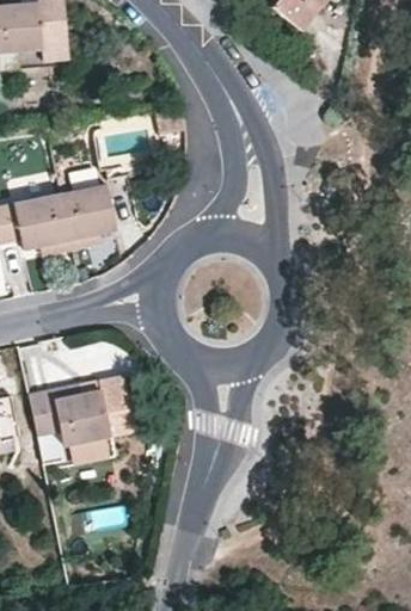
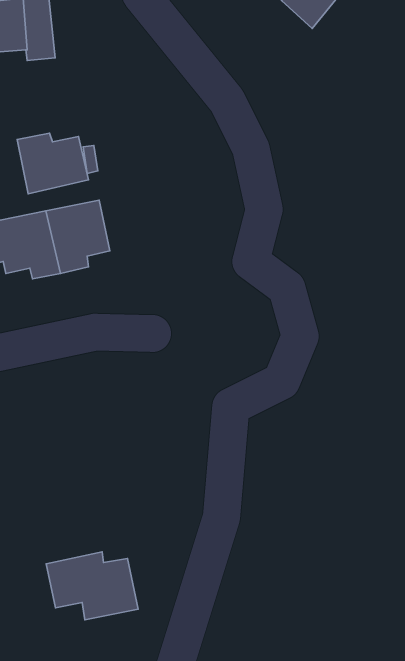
building: none -> [17,133,89,194]
building: [27,384,110,445] -> [46,552,138,620]

